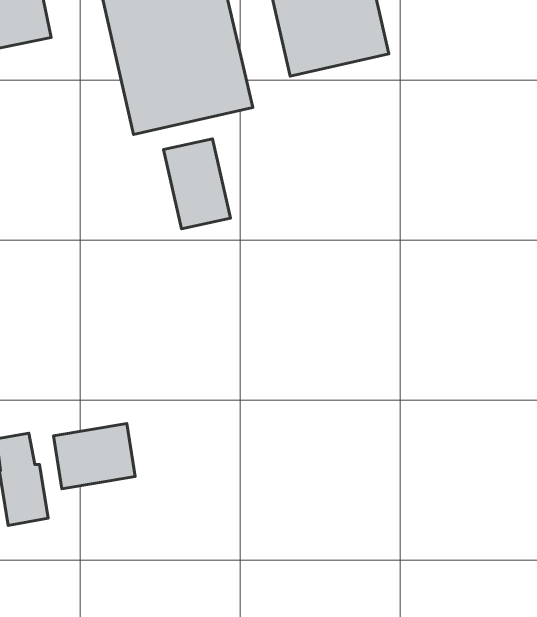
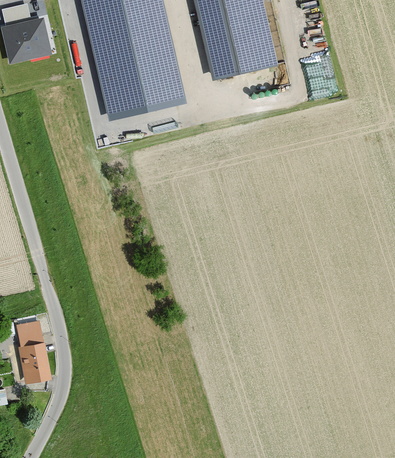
building: [163,139,230,229] -> none
building: [53,423,135,489] -> none

